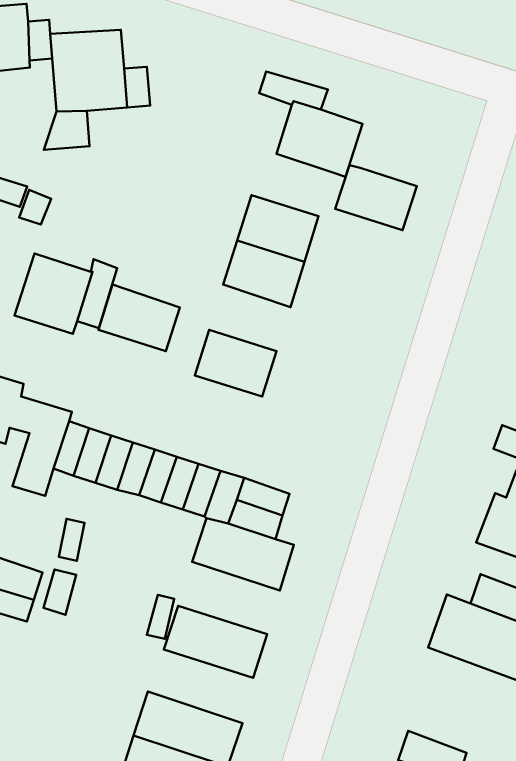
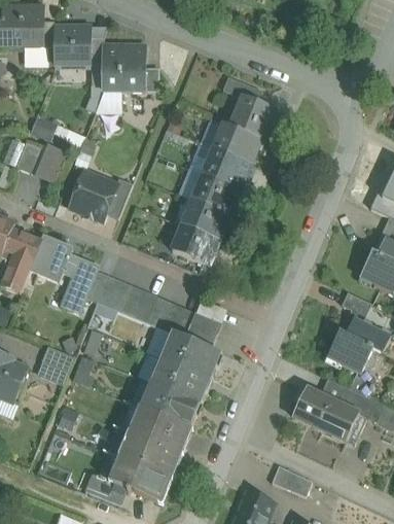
building: [335,165,417,230] -> [212,123,260,163]
building: [98,284,180,351] -> [181,198,229,239]
building: none -> [150,357,210,403]
building: none -> [118,401,192,453]

